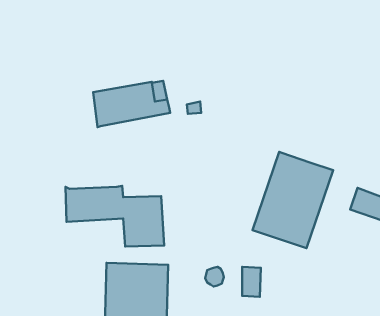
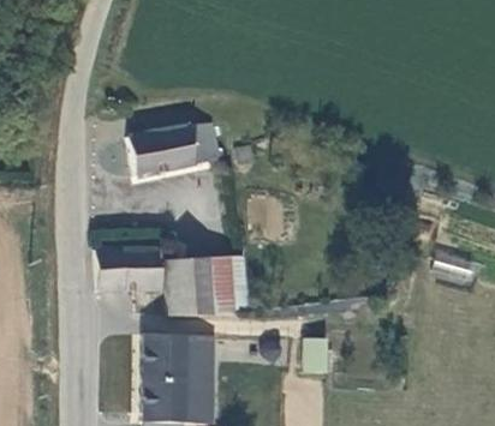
building: [252,152,333,248] -> none
building: none -> [208,254,245,314]

